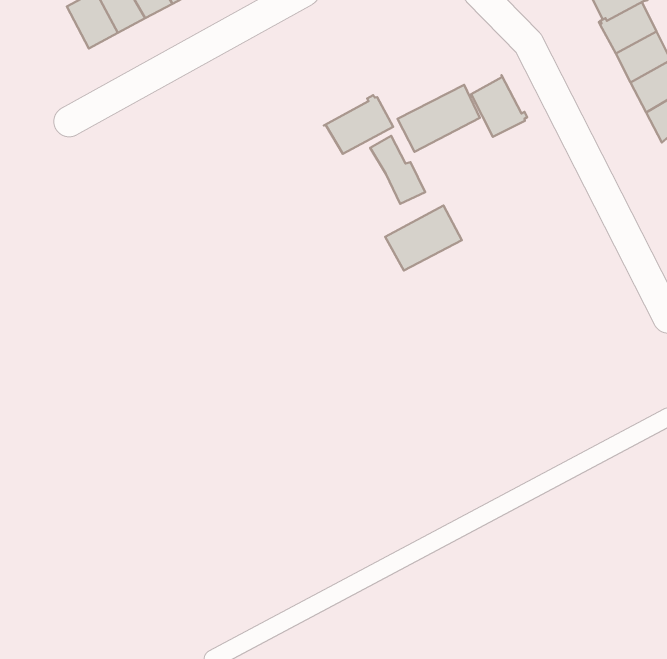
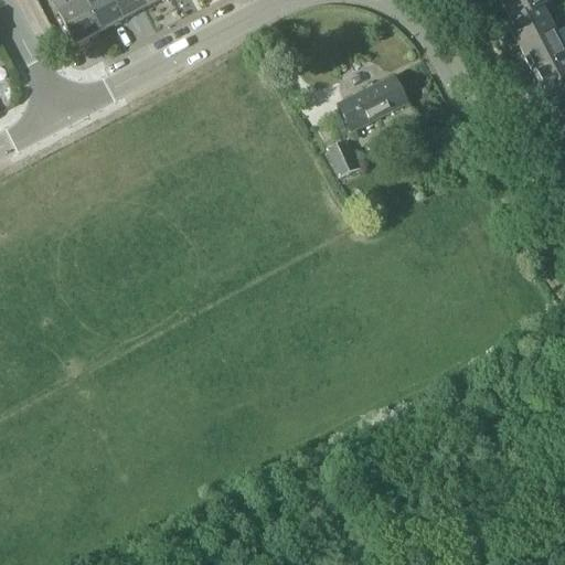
building: [471,75,527,137] -> none
building: [324,95,393,154] -> none
building: [385,205,462,270] -> none

